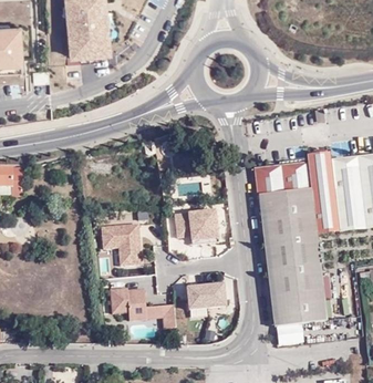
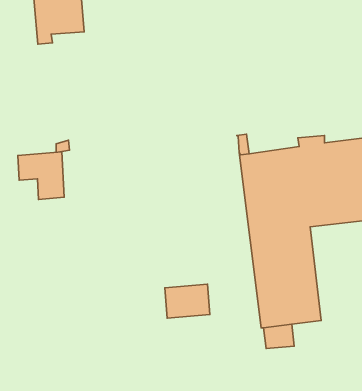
building: [174,214,218,247] -> none
building: [101,225,143,268] -> [18,152,64,200]
building: [110,288,176,330] -> none

